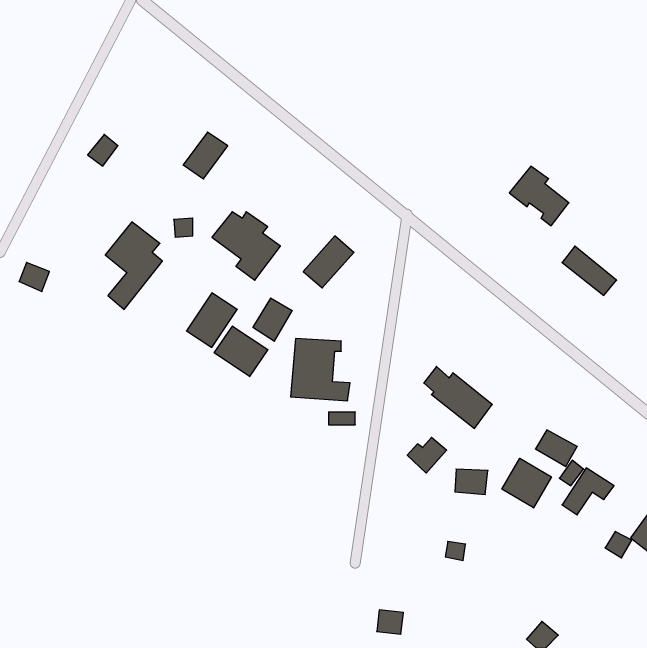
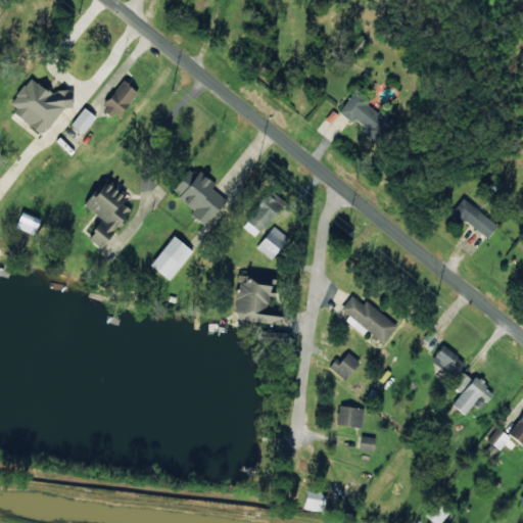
building: none -> [8,77,74,135]
building: [183,132,228,179] -> [103,81,139,118]
building: [509,166,569,226] -> [339,90,387,138]
building: [253,298,292,341] -> [257,226,289,260]
building: [214,326,268,377] -> none
building: [502,458,551,508] -> none
building: [455,469,488,495] -> [338,407,365,427]

